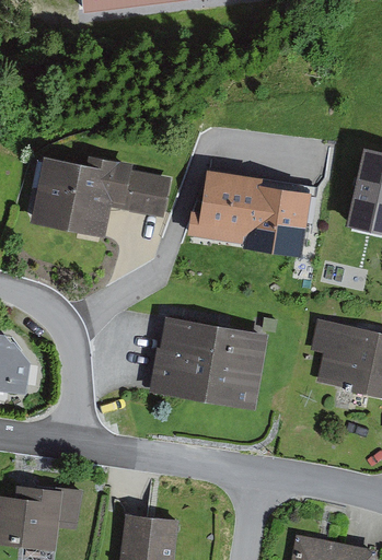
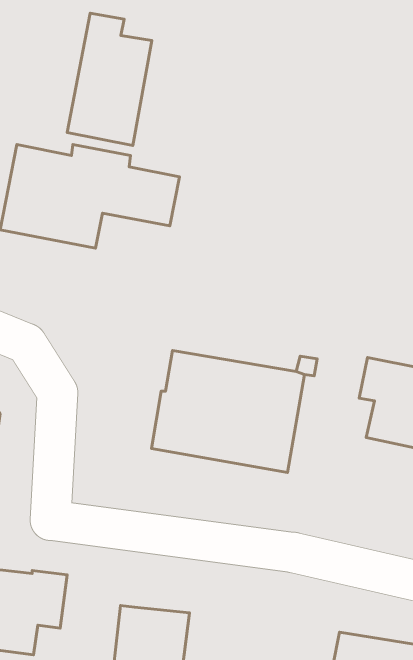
building: none -> [67,13,152,145]
building: [195,174,314,259] -> none

